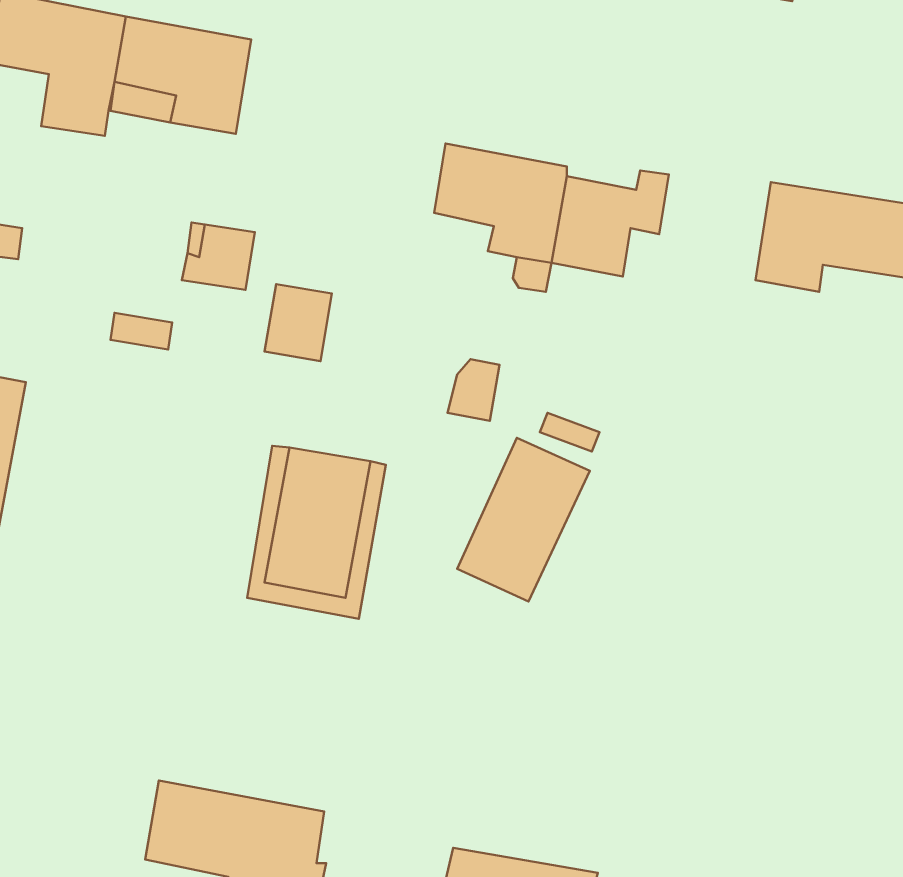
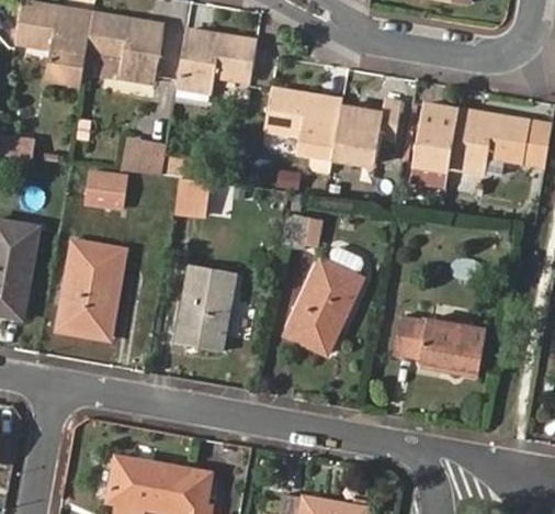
building: none -> [177,33,260,93]
building: none -> [417,108,461,172]
building: none -> [63,244,113,327]
building: none -> [390,315,483,372]

